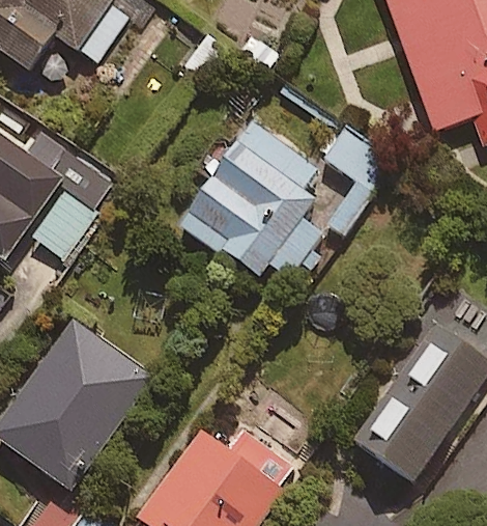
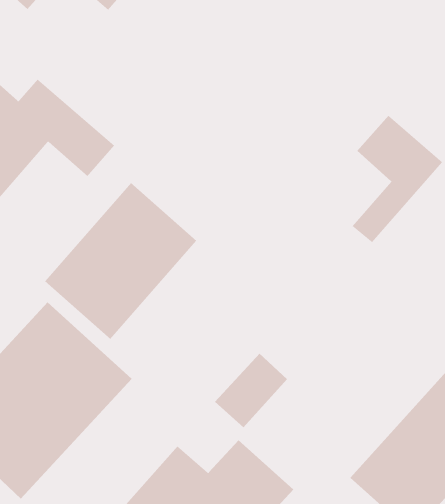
building: [177,121,320,280] -> none
building: none -> [44,182,197,340]

